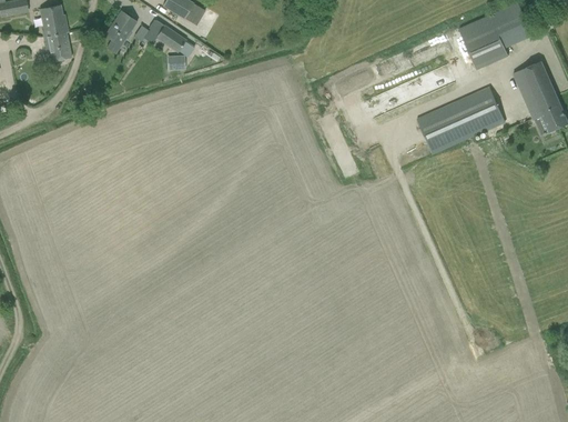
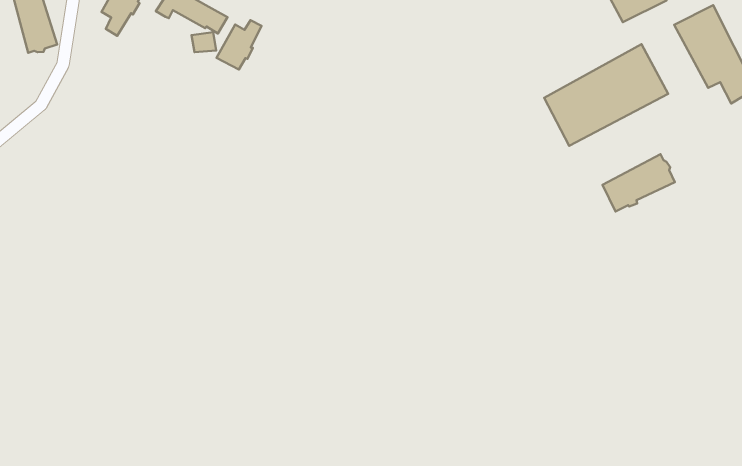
building: none -> [216,20,262,69]
building: none -> [602,154,675,211]

